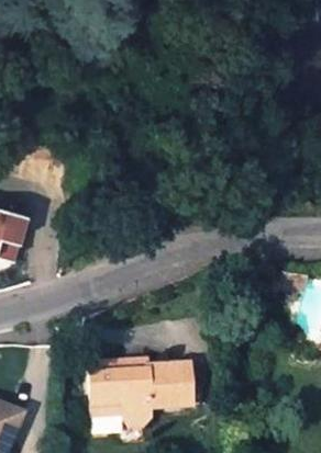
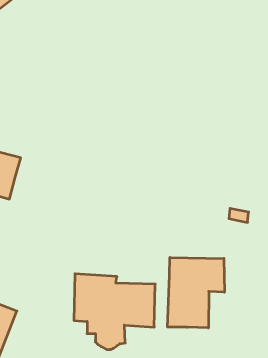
building: none -> [168,257,224,328]

